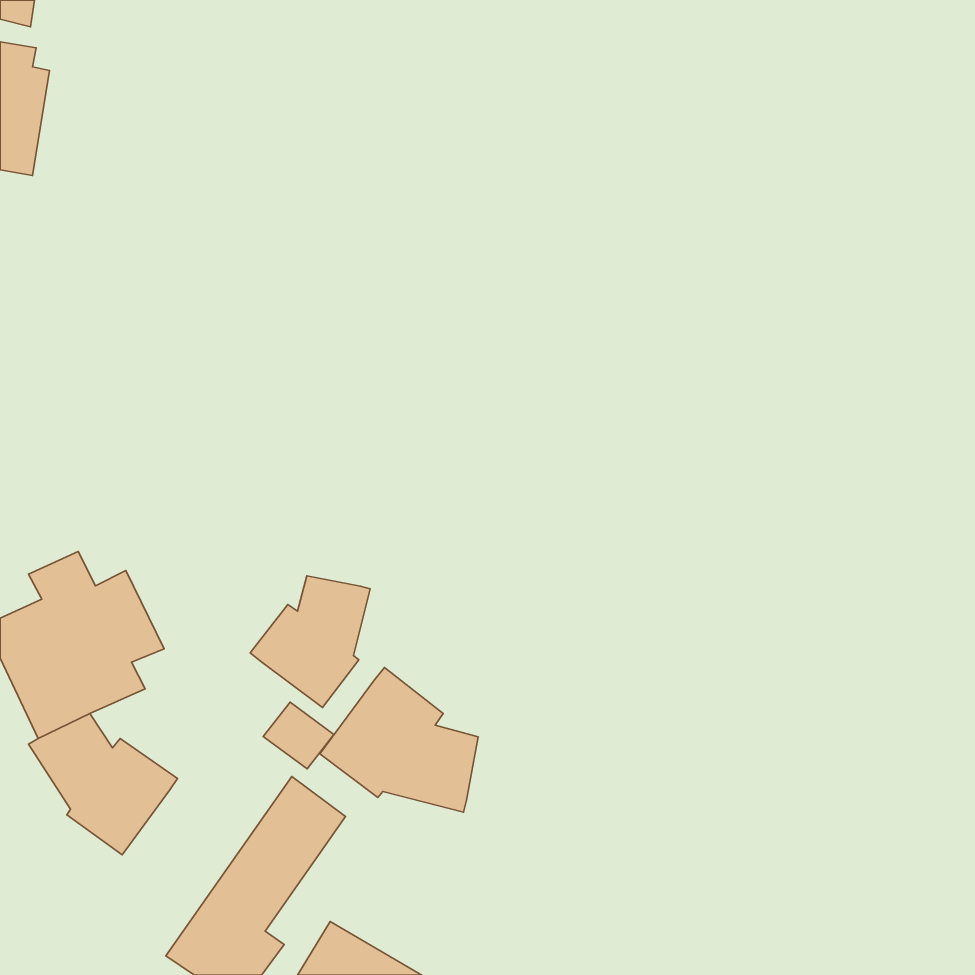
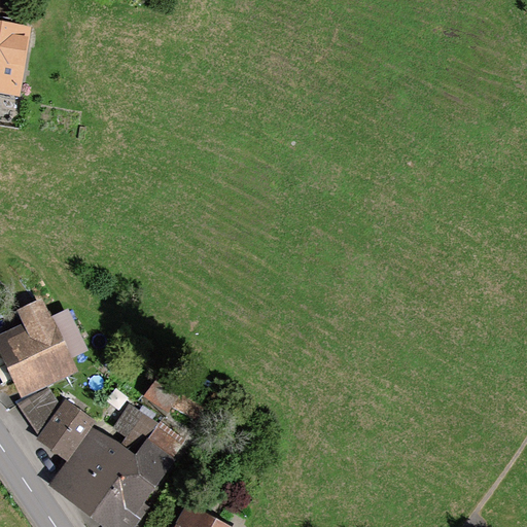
building: [250,576,370,708] -> none
building: [320,668,478,812] -> none
building: none -> [48,400,157,516]

